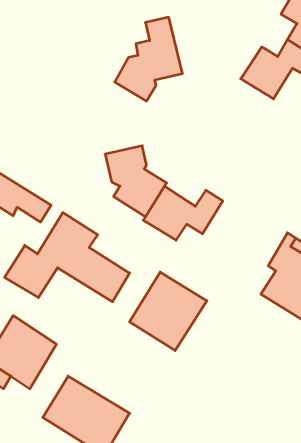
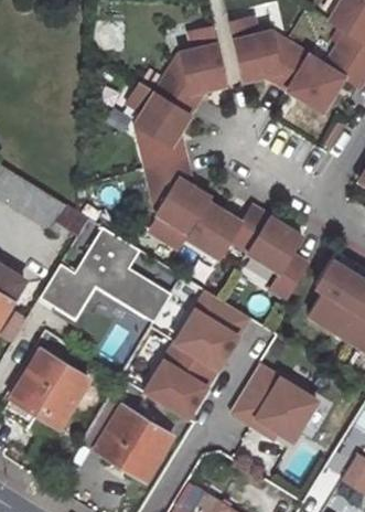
building: none -> [227,18,309,90]
building: none -> [125,83,189,169]
building: none -> [246,217,308,300]
building: none -> [141,343,218,422]
building: none -> [232,363,321,439]

